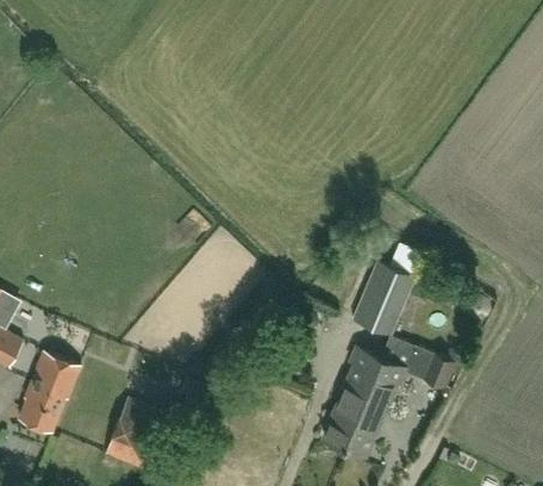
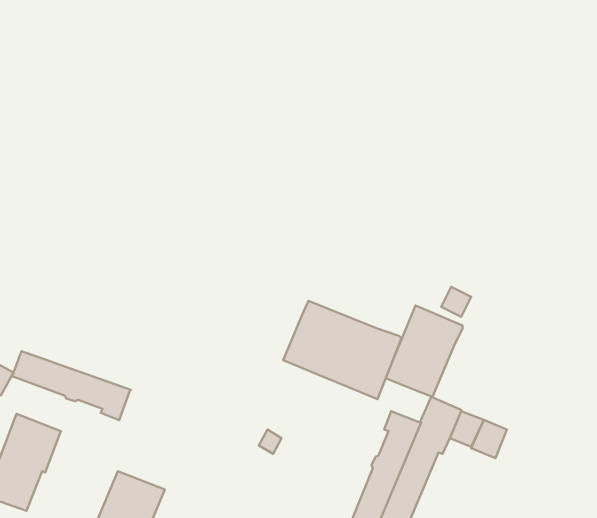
building: none -> [283,301,402,399]
building: none -> [12,351,131,420]

